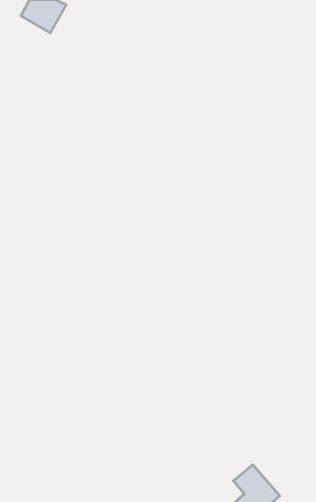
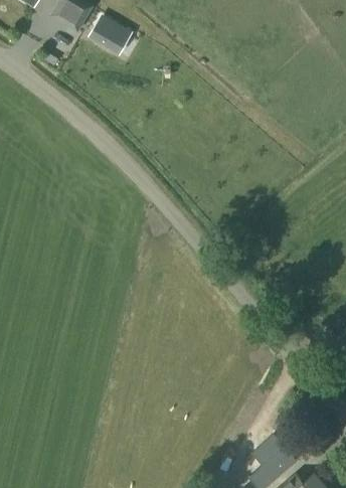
building: none -> [91,16,132,53]

